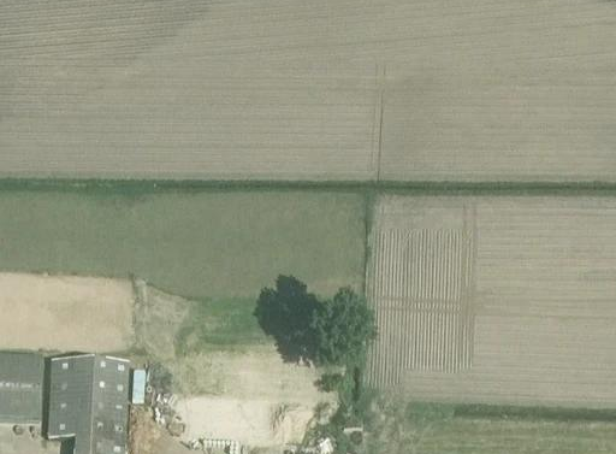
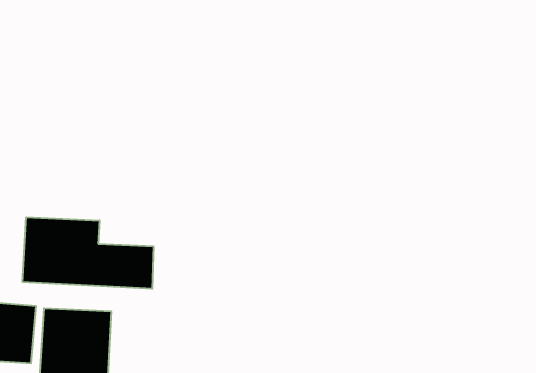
building: none -> [23,217,153,289]

